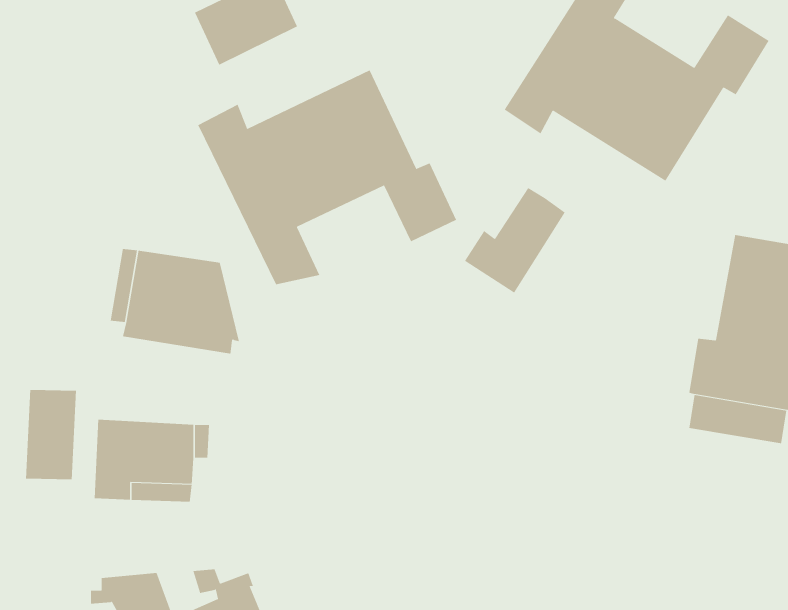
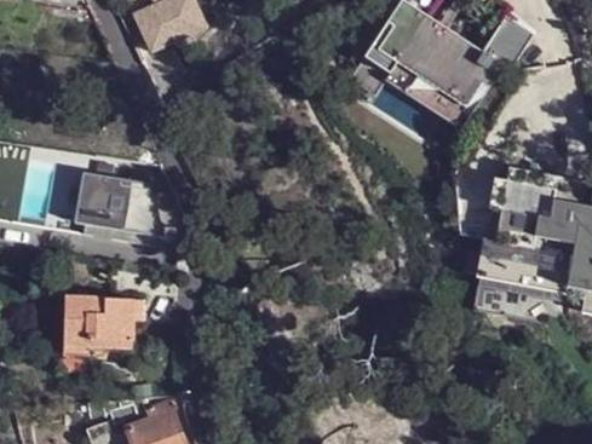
building: [197,70,457,285] -> none
building: [464,187,566,293] -> none
building: [26,389,77,480] -> none

